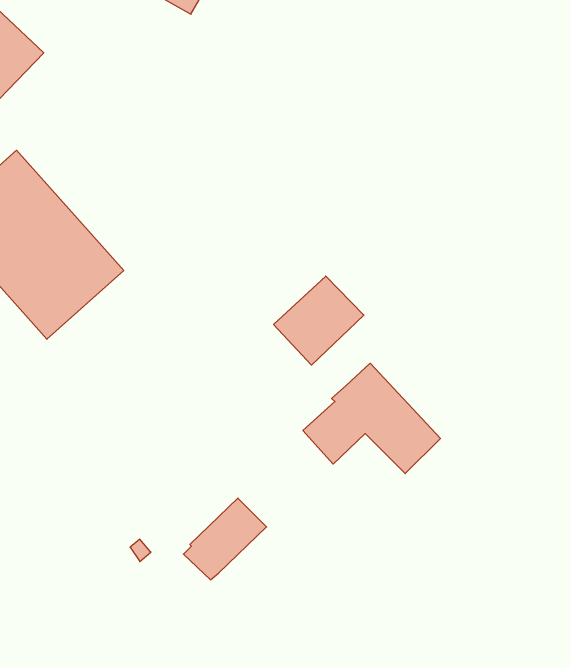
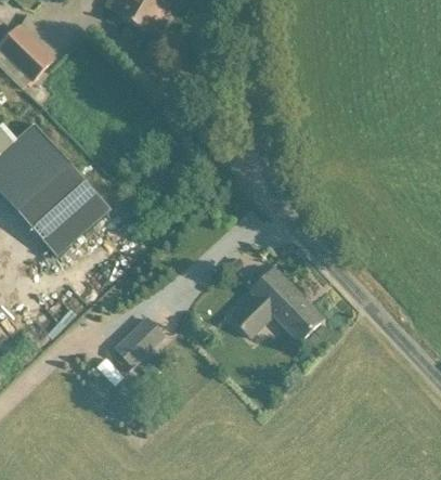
building: [274,276,364,365] -> none
building: [183,498,267,580] -> [111,316,167,372]

